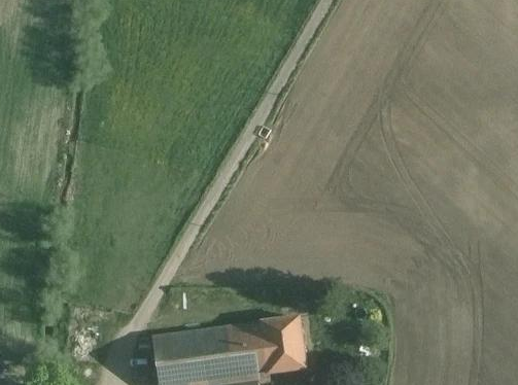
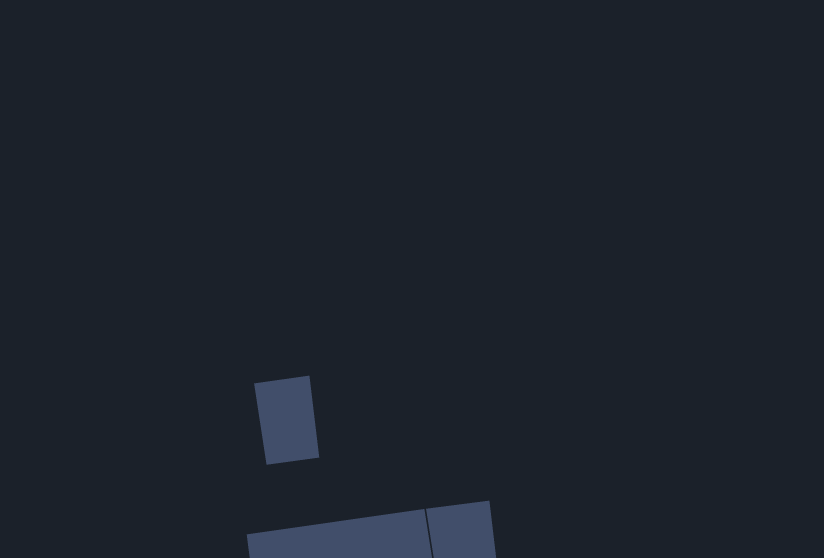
building: none -> [254,375,320,465]

